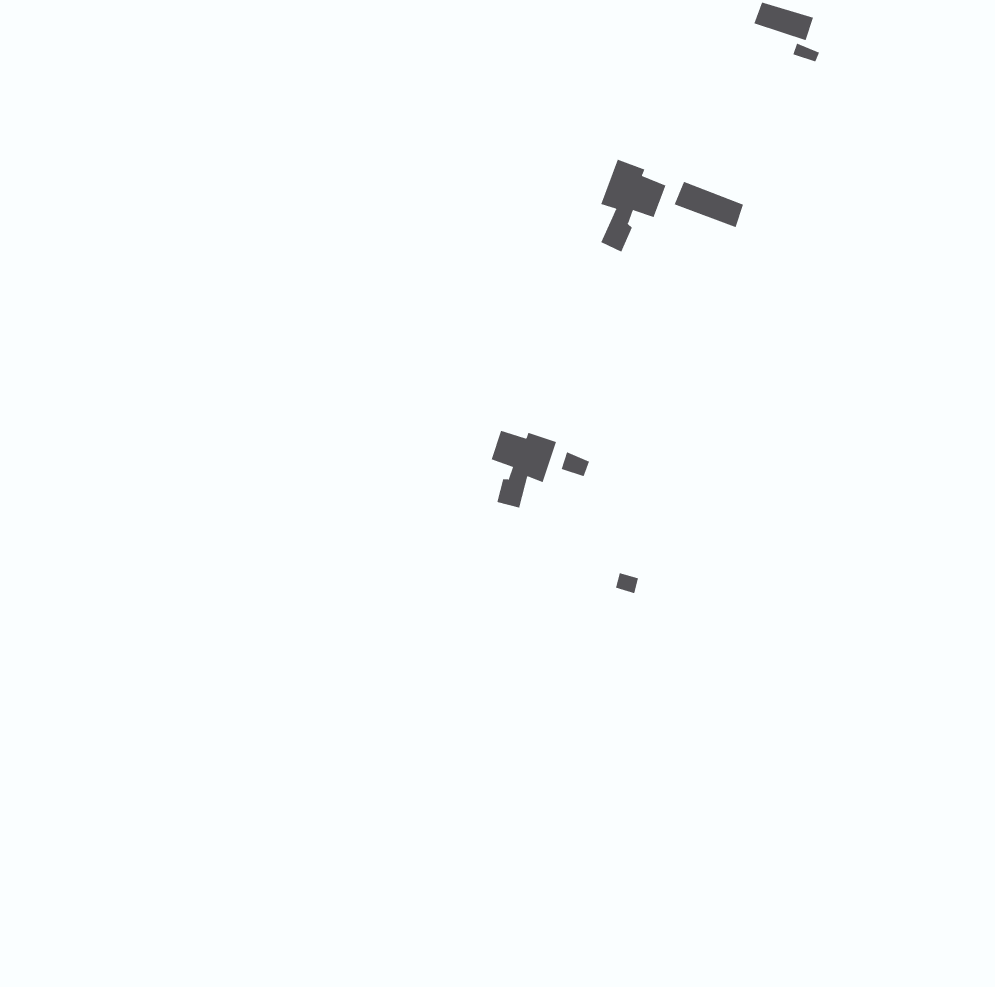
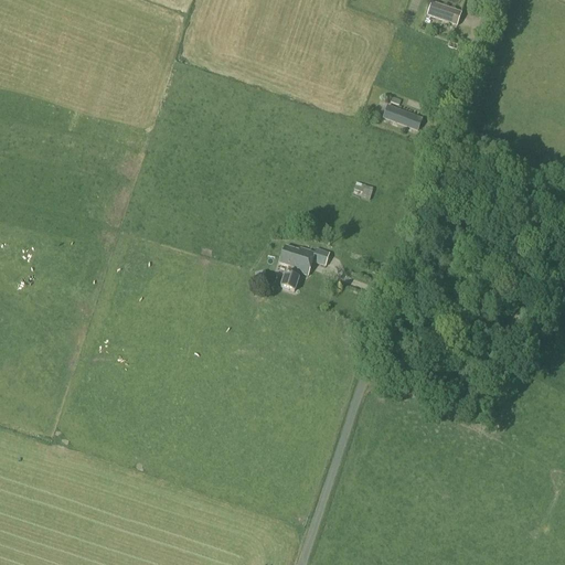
building: [600,159,666,252] -> none

